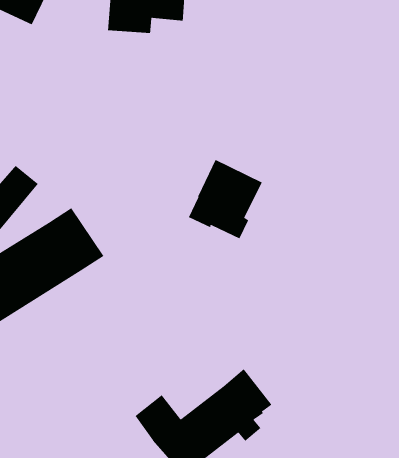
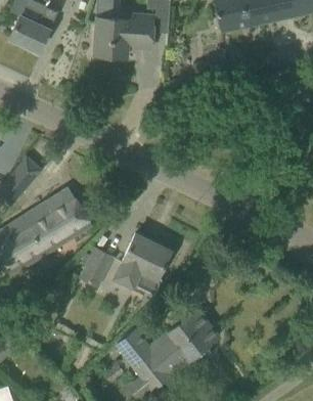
building: [188,159,263,239] -> [115,234,171,295]
building: none -> [80,249,113,286]

